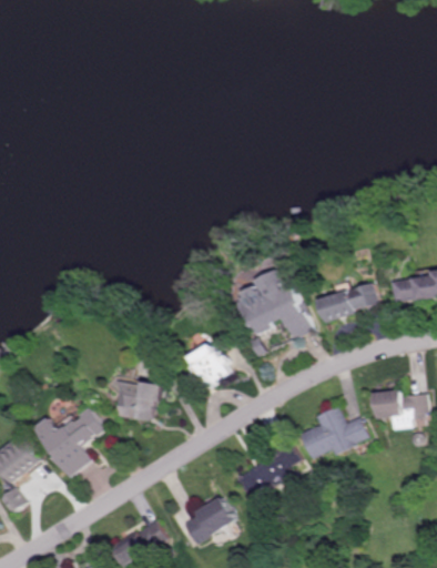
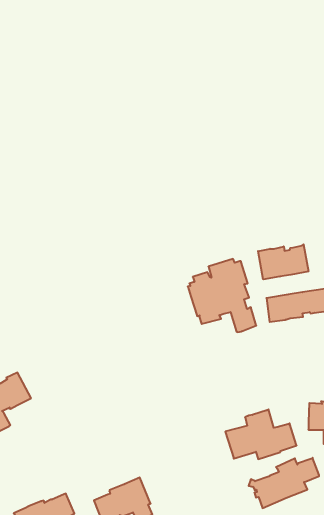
building: none -> [258,244,308,279]
building: [184,342,232,395] -> none
building: [115,381,163,422] -> none
building: [233,443,298,498] -> [249,458,319,508]

